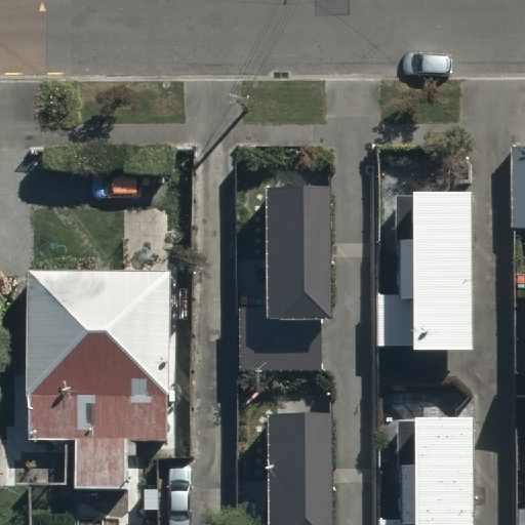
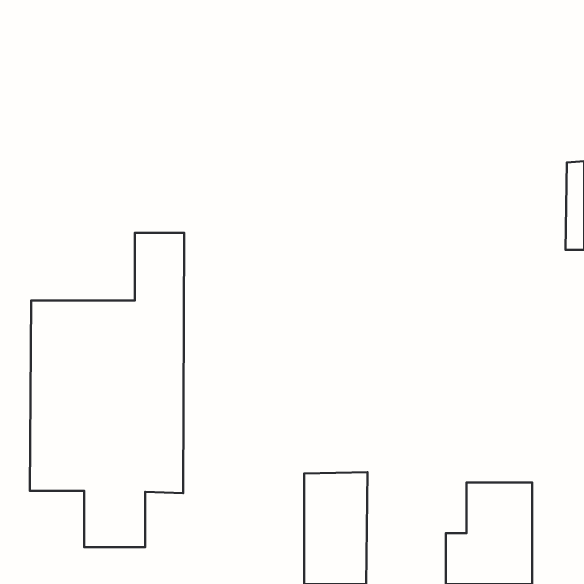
building: [242,196,326,367] -> none
building: [397,207,474,364] -> none

